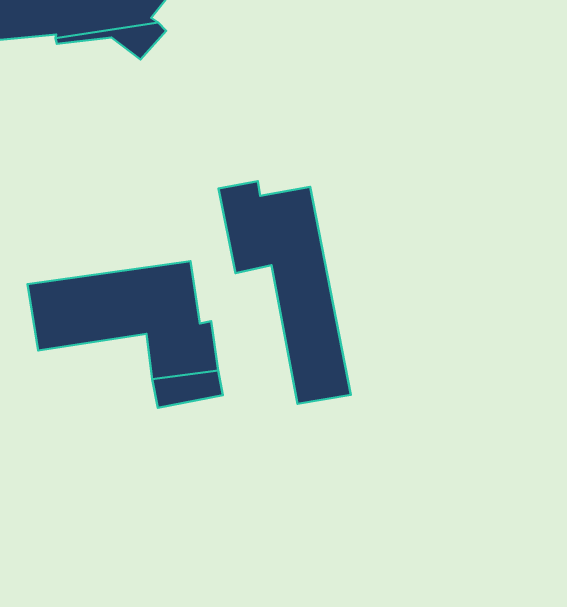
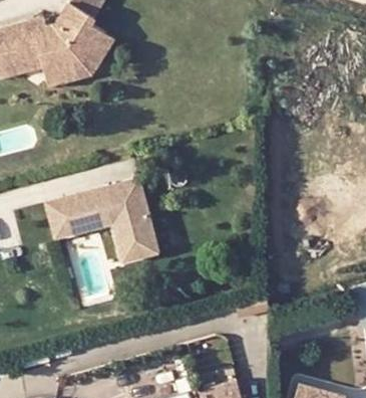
building: [219,181,351,404] -> none

